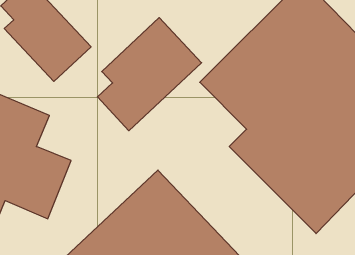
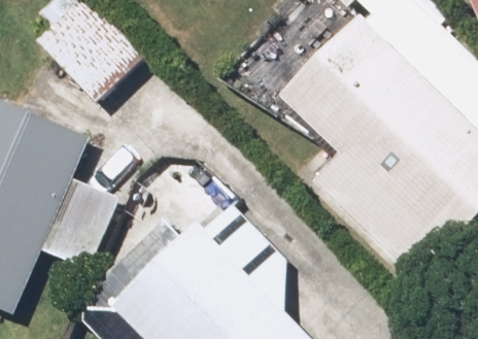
building: [97,18,202,131] -> none

